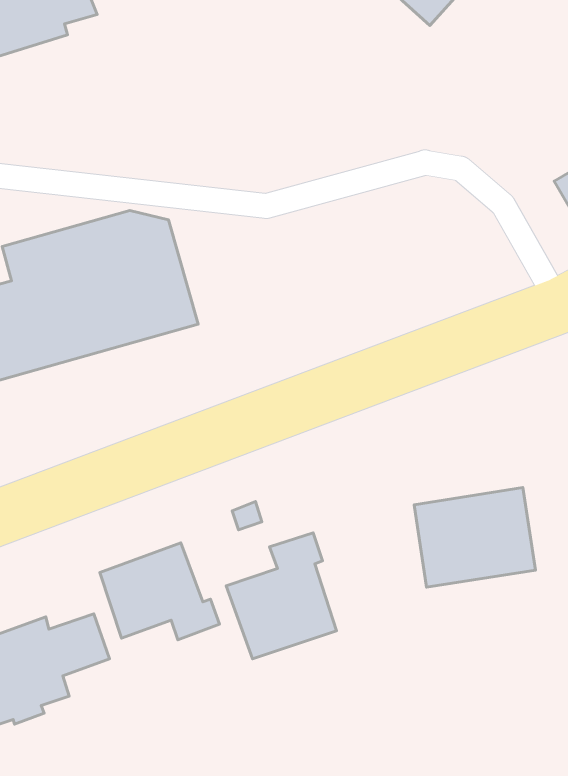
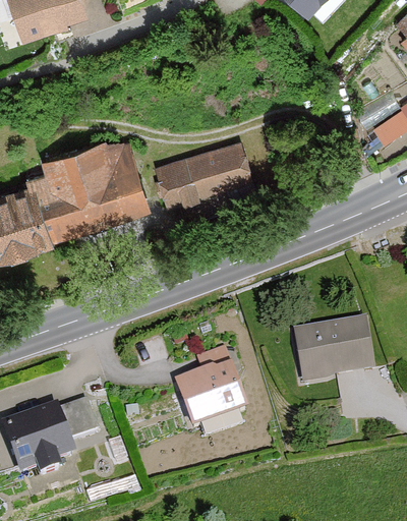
building: none -> [158,143,254,207]
building: [100,543,220,640] -> none

